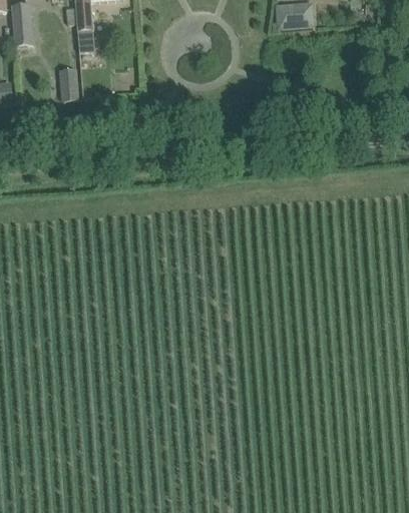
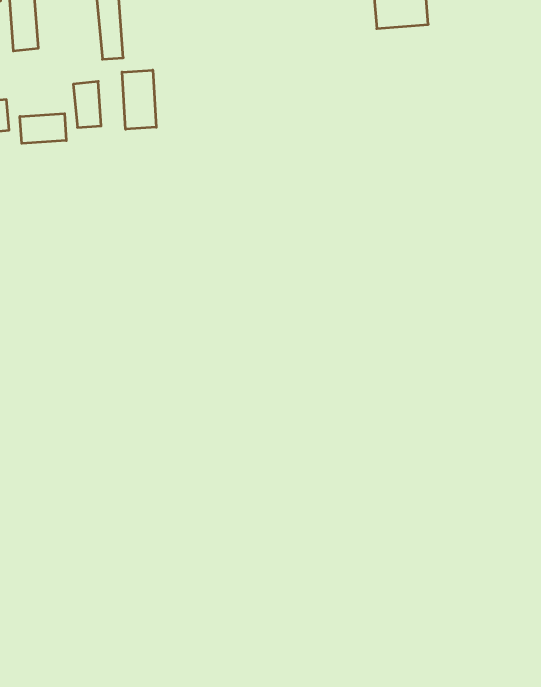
building: none -> [122,70,156,129]
building: none -> [20,114,66,143]

